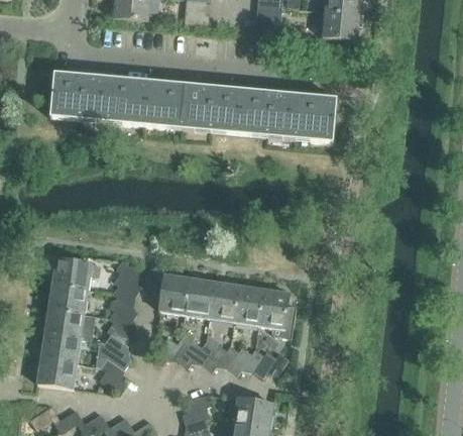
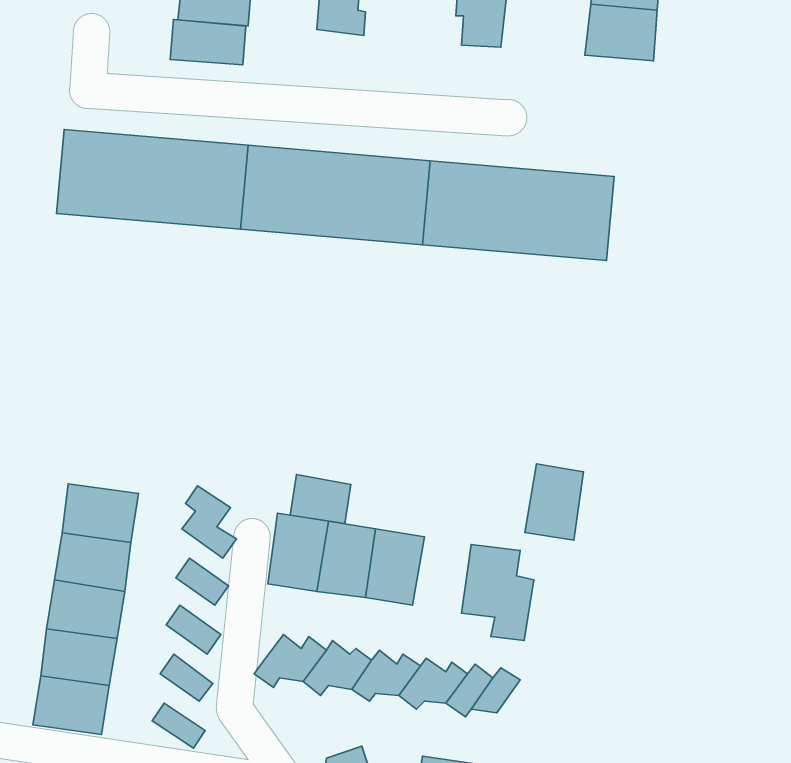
building: none -> [170,19,246,65]
building: none -> [290,475,351,524]
building: [233,285,263,324] -> [525,464,584,540]

